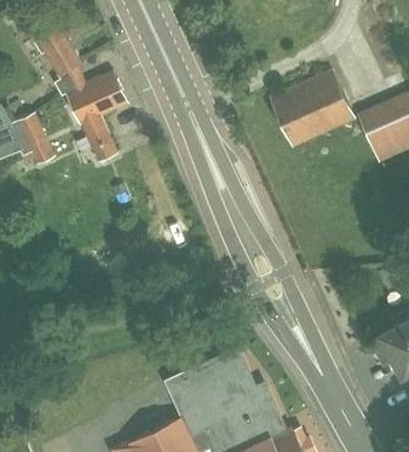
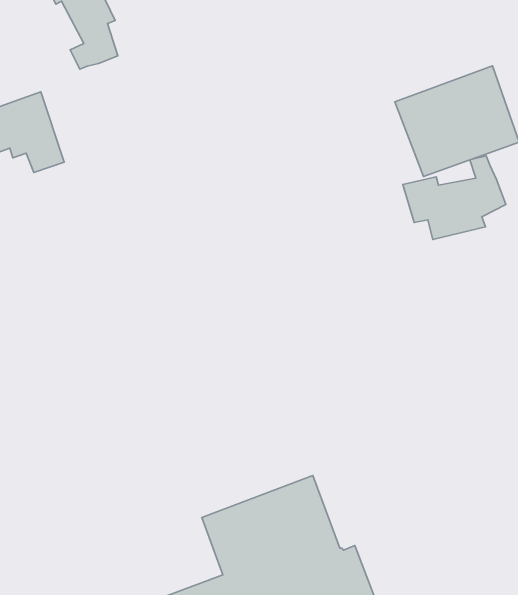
building: [65,71,128,163] -> none
building: none -> [403,156,506,239]

